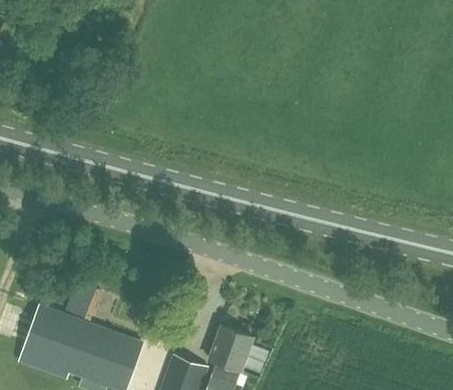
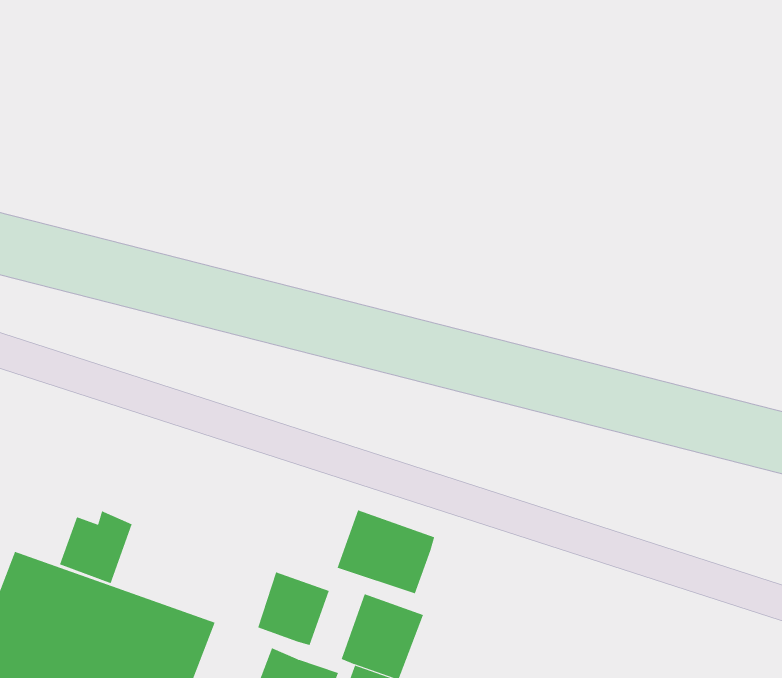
building: none -> [337,509,435,594]
building: none -> [257,572,330,646]

